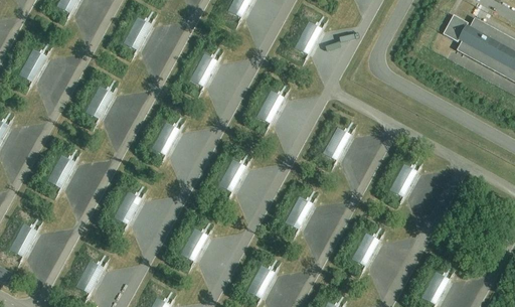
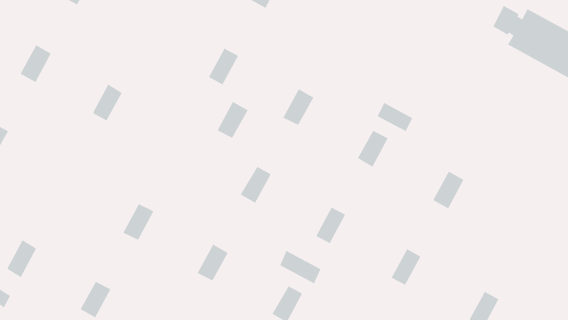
building: [121,15,149,48] -> none
building: [292,19,319,52] -> none
building: none -> [377,102,413,132]
building: [149,120,177,153] -> [217,101,248,138]
building: [44,154,72,187] -> none
building: none -> [279,250,321,284]

